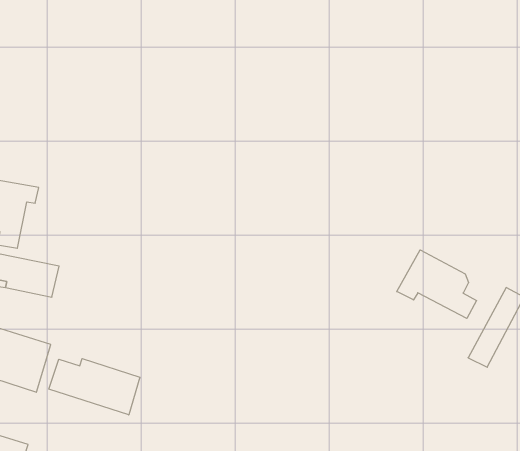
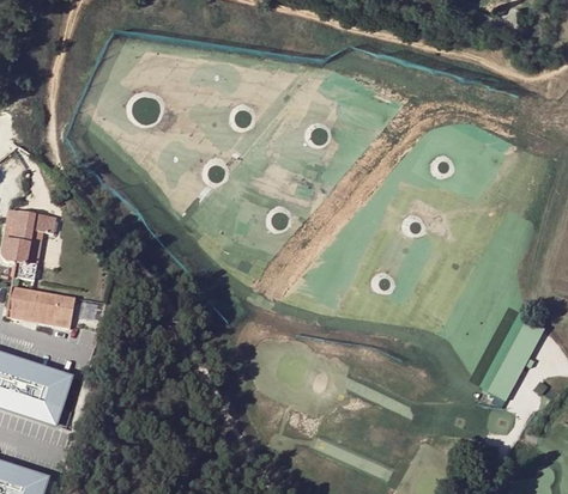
building: [397,250,477,318] -> none
building: [49,359,140,415] -> none

